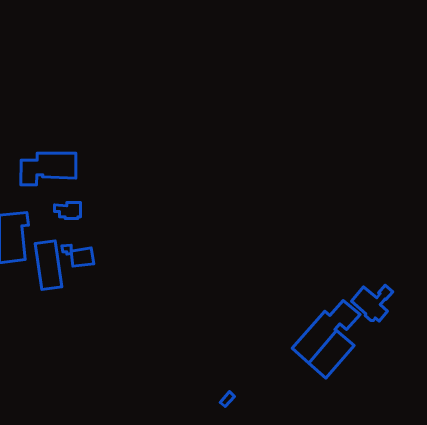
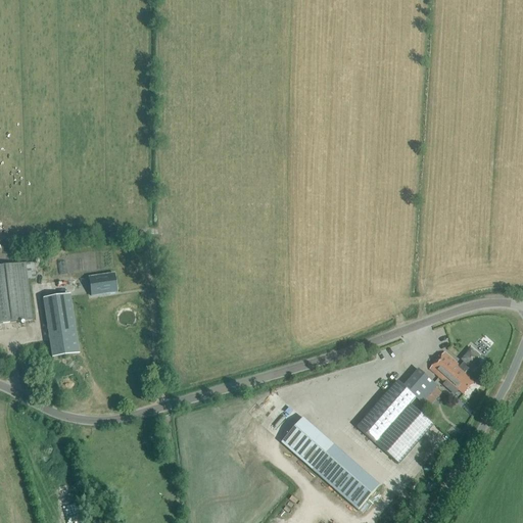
building: [21,153,76,185] -> none
building: [71,248,94,266] -> [88,271,115,293]
building: none -> [281,415,380,508]

